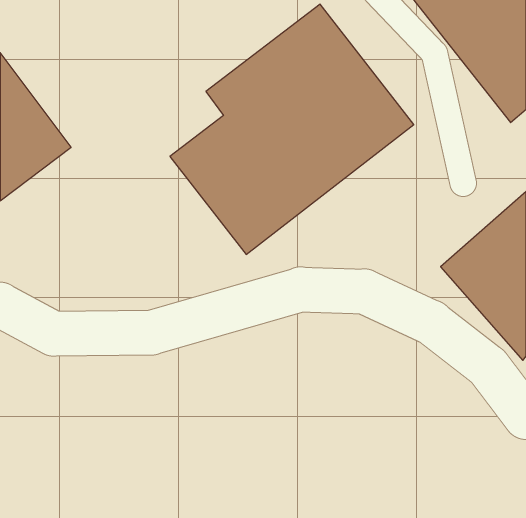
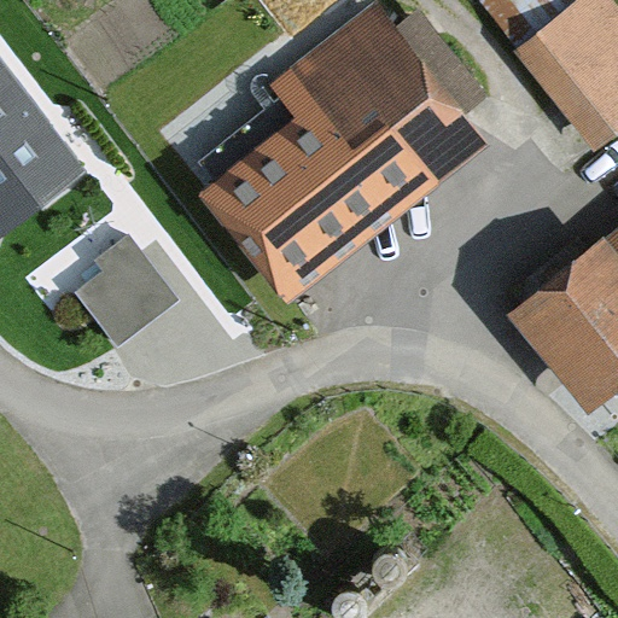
building: none -> [77,227,176,337]

